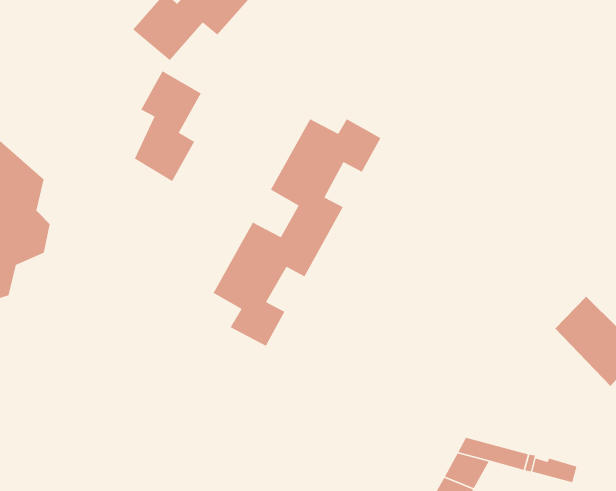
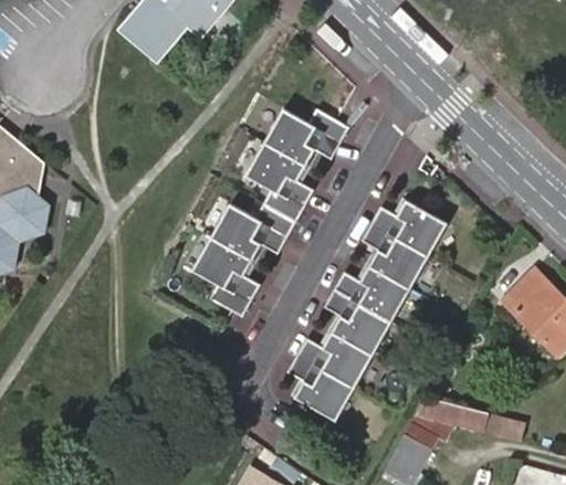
building: [134,70,202,182] -> none
building: none -> [289,199,447,421]

